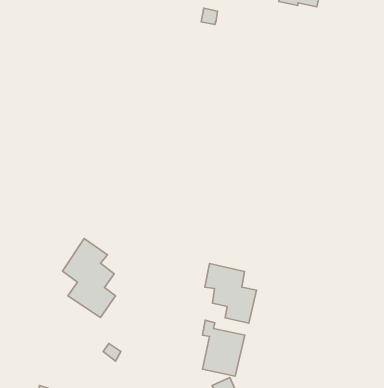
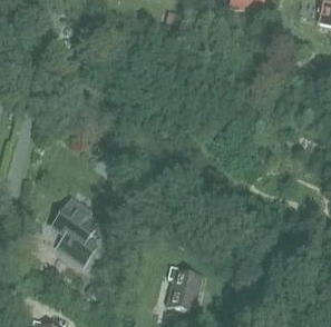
building: [205,263,257,323] -> none

